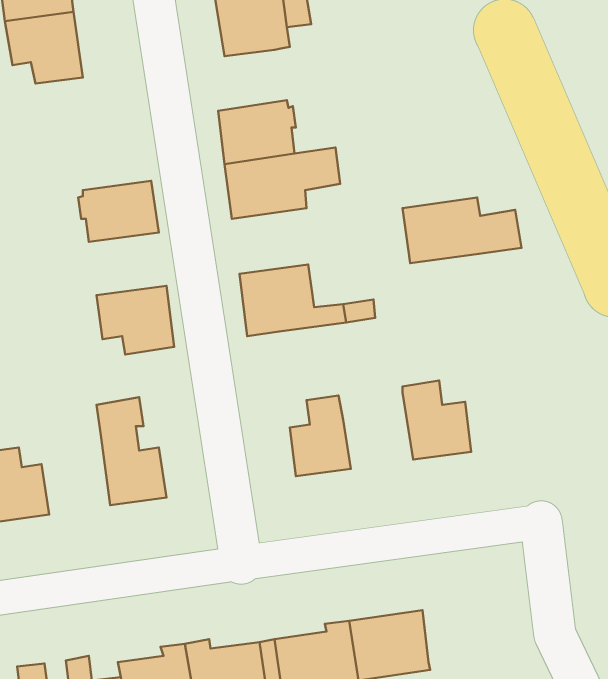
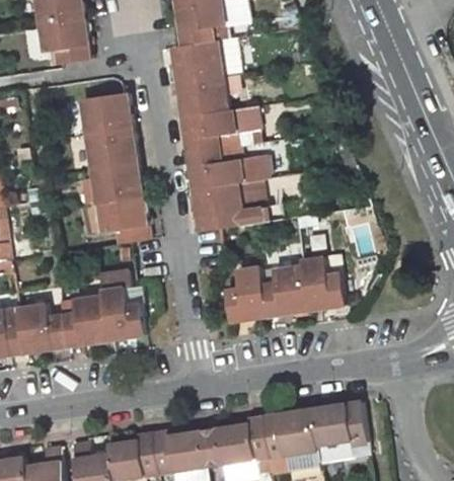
building: none -> [172,37,226,79]
building: none -> [81,91,133,132]
building: [403,198,521,263] -> [186,144,266,187]
building: none -> [90,160,143,202]
building: none -> [260,266,307,317]
building: none -> [60,295,105,347]
building: none -> [313,404,369,447]

